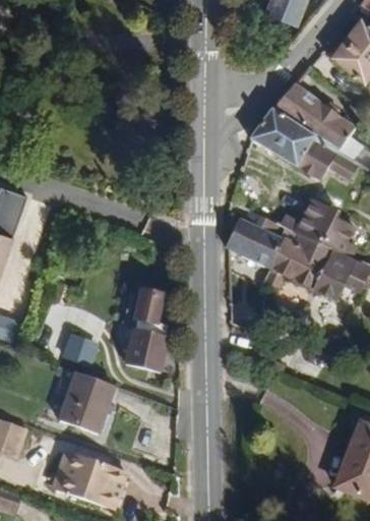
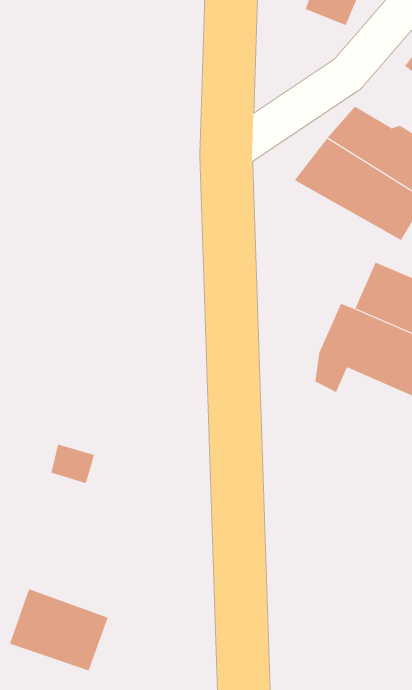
building: [226,216,285,269] -> none
building: [125,276,176,368] -> none
building: [61,369,115,429] -> none

